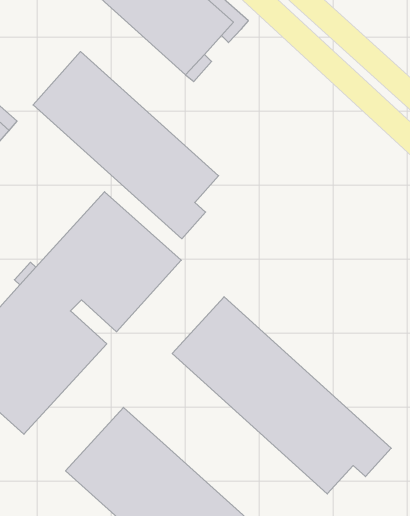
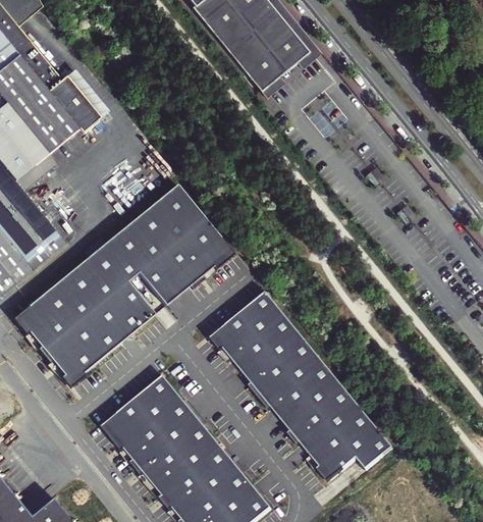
building: [33,52,219,239] -> none

